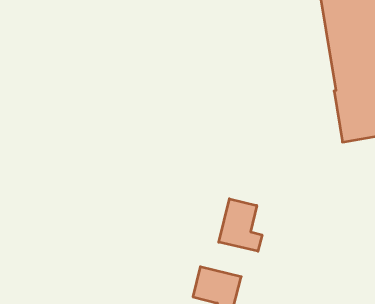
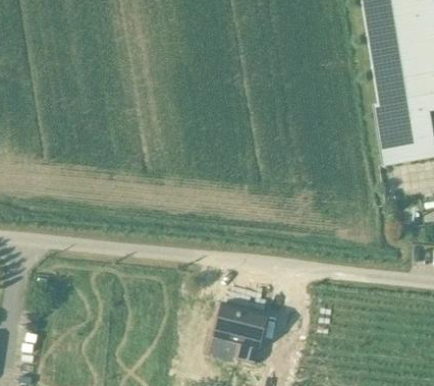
building: [219,199,262,251] -> none

